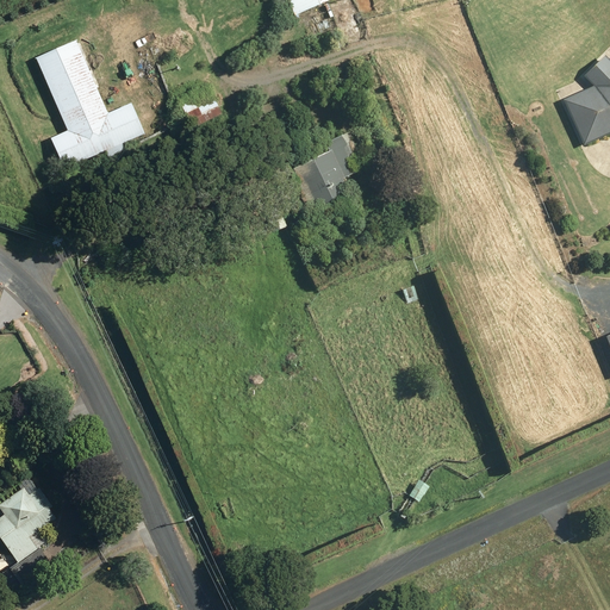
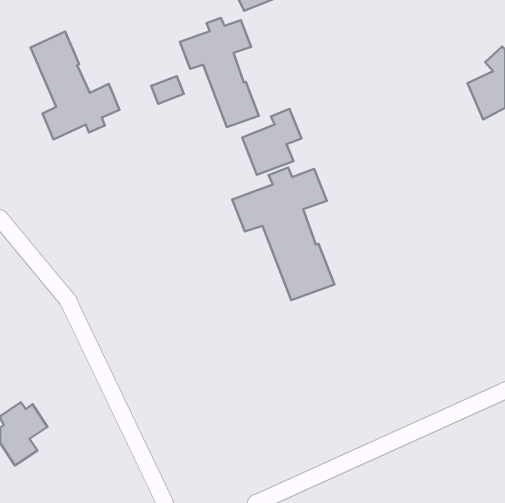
building: none -> [180,18,259,127]
building: none -> [232,168,334,300]

